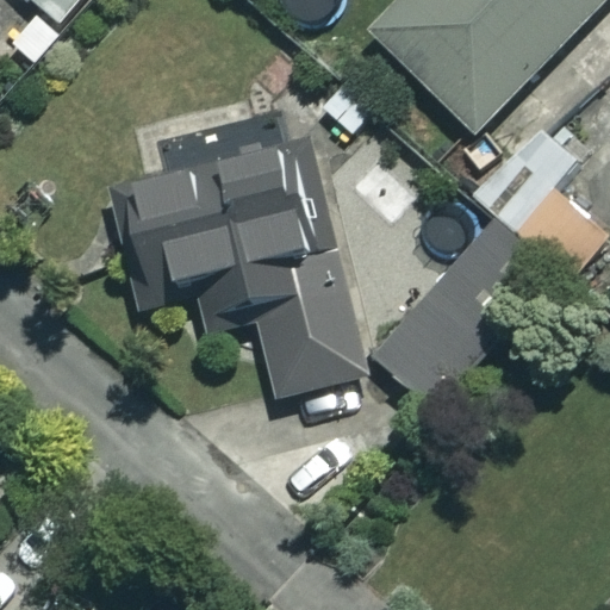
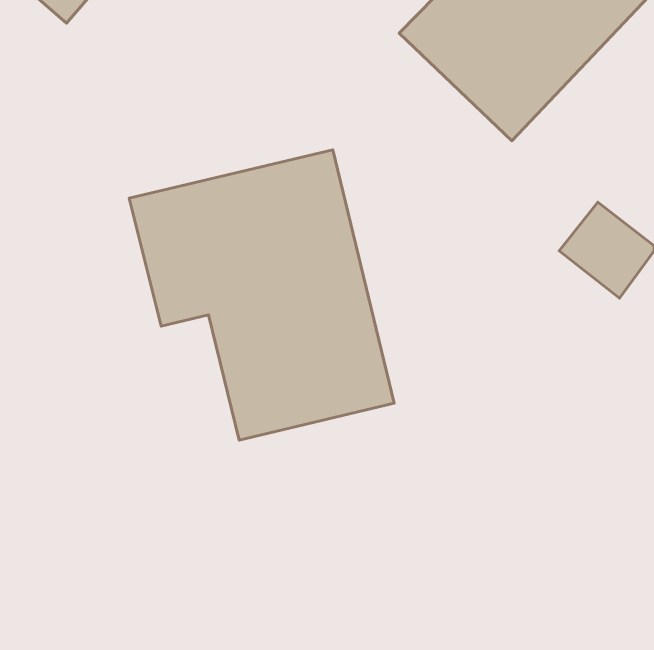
building: [378,236,512,402] -> none

